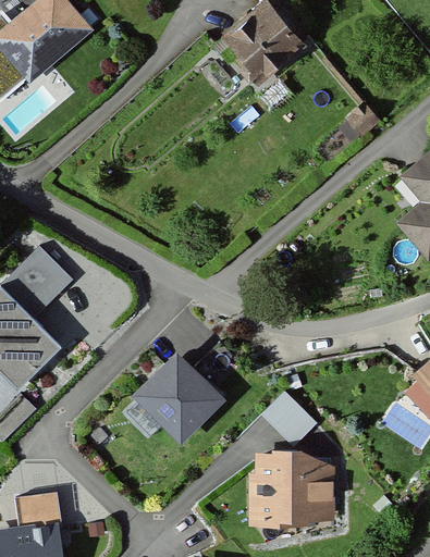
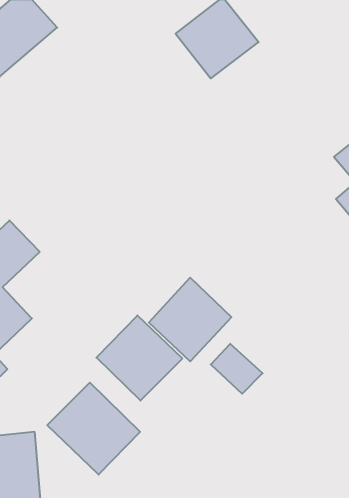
building: none -> [149,278,231,361]
building: none -> [47,383,140,475]
building: [249,451,333,524] -> none

